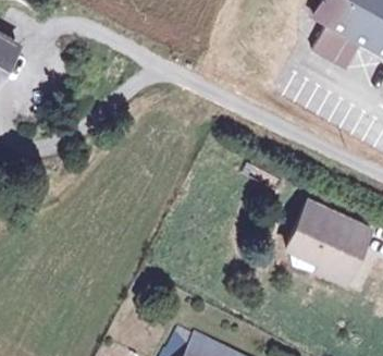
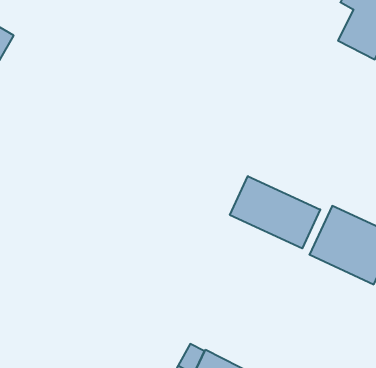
building: none -> [230,176,320,248]

